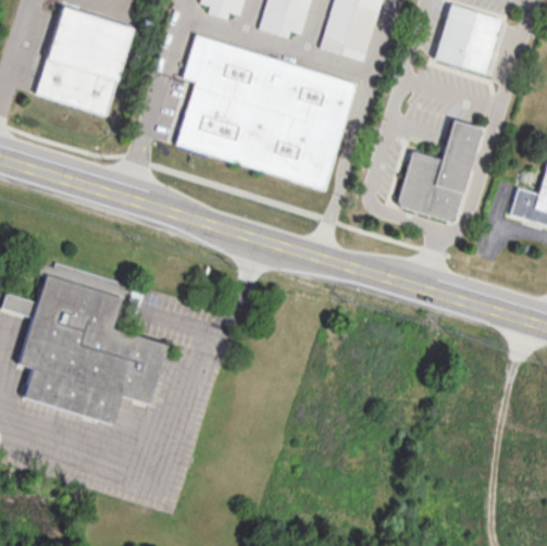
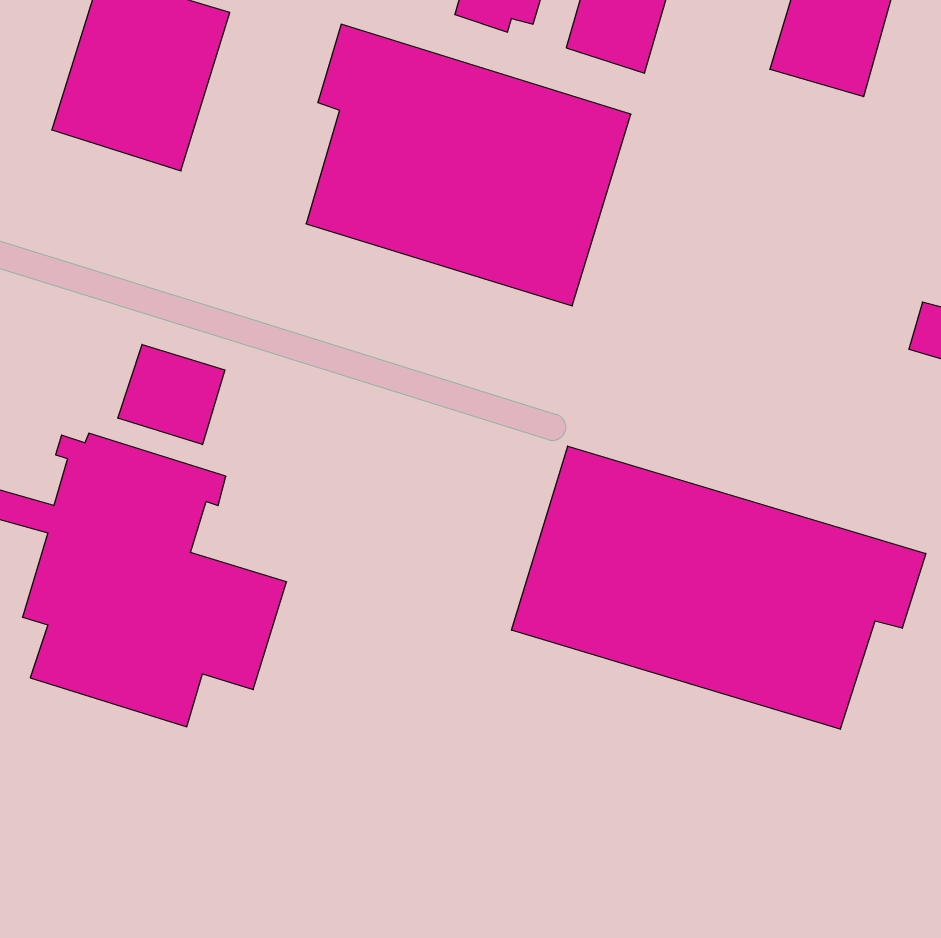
building: [398,120,482,221] -> none
building: none -> [118,344,225,445]
building: none -> [512,446,926,729]

